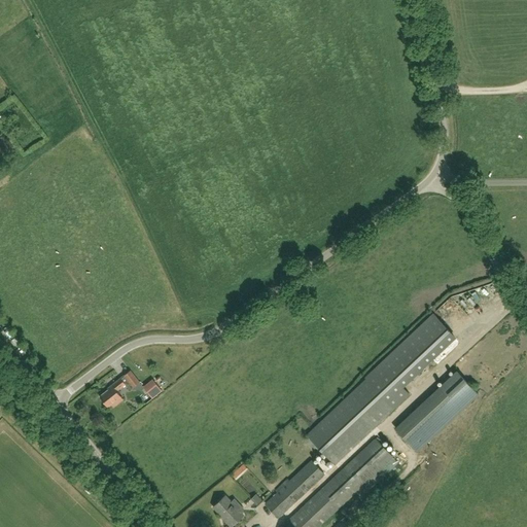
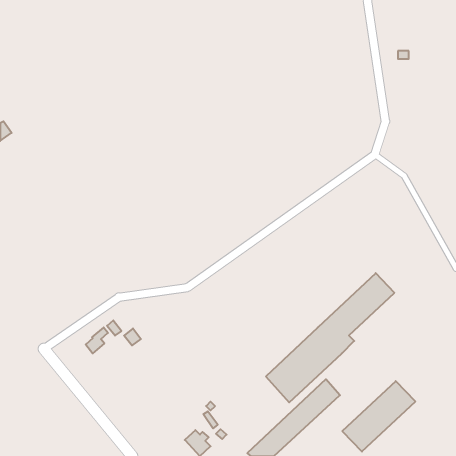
building: [394,371,479,452] -> [342,381,415,452]
building: [267,460,324,516] -> none

